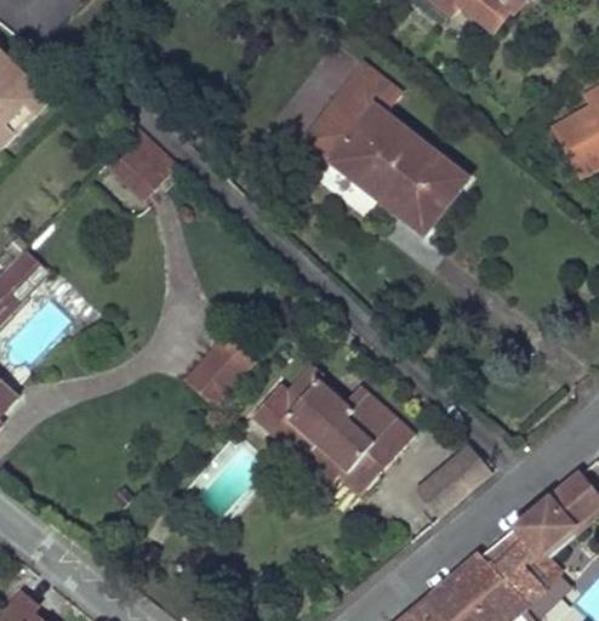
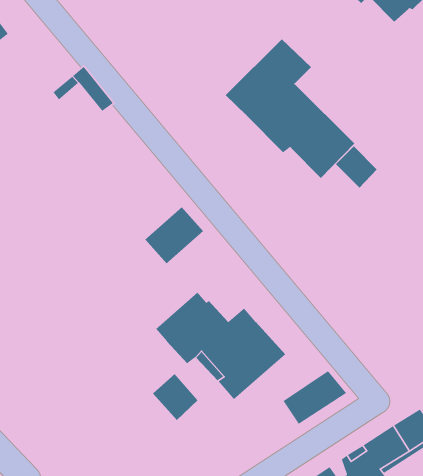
building: none -> [335,145,377,189]
building: [188,331,256,400] -> [145,207,204,264]
building: none -> [152,373,198,421]

